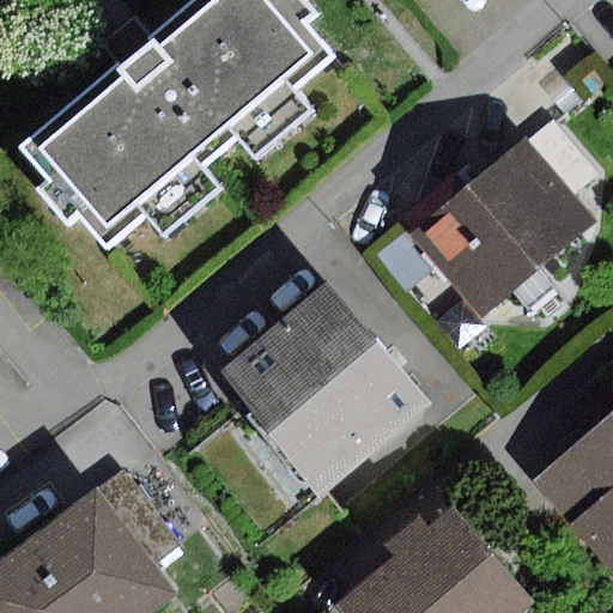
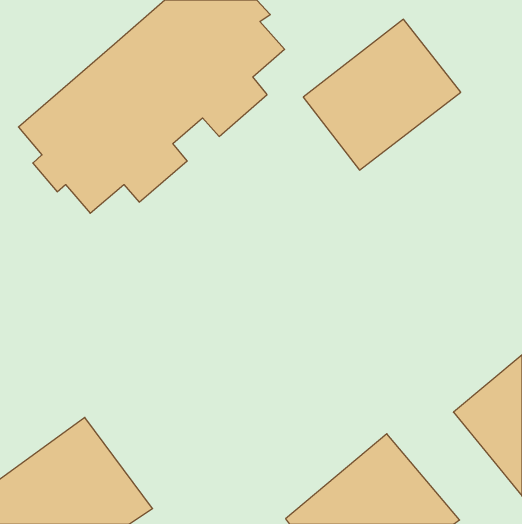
building: [411,142,595,318] -> [303,19,461,170]
building: [218,283,430,496] -> none

